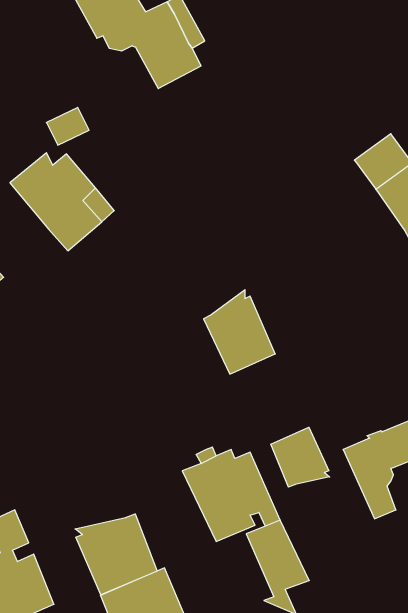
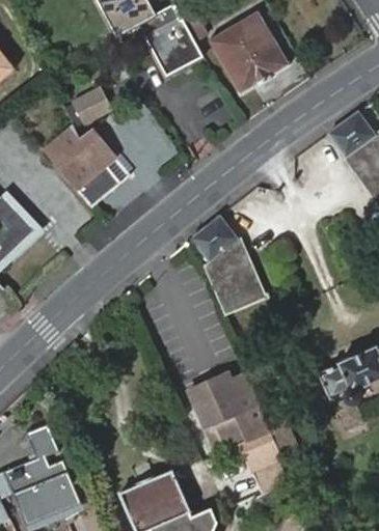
building: none -> [207,9,289,93]
building: none -> [192,216,238,261]
building: [271,427,330,487] -> none
building: [75,514,157,595] -> none

